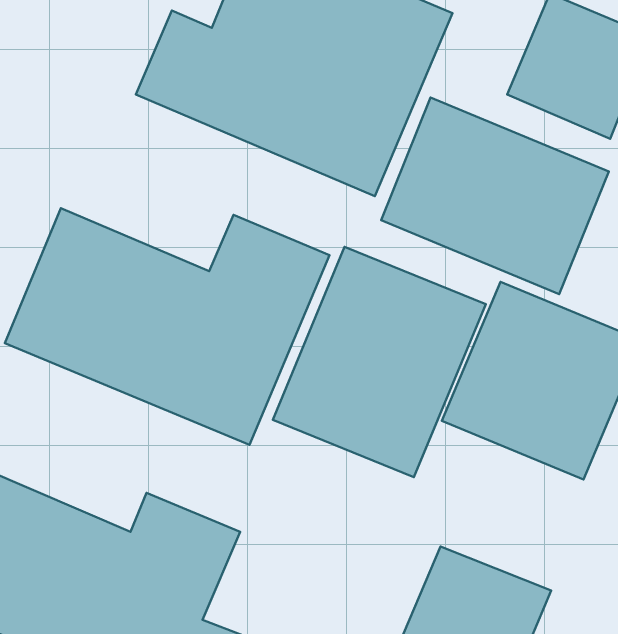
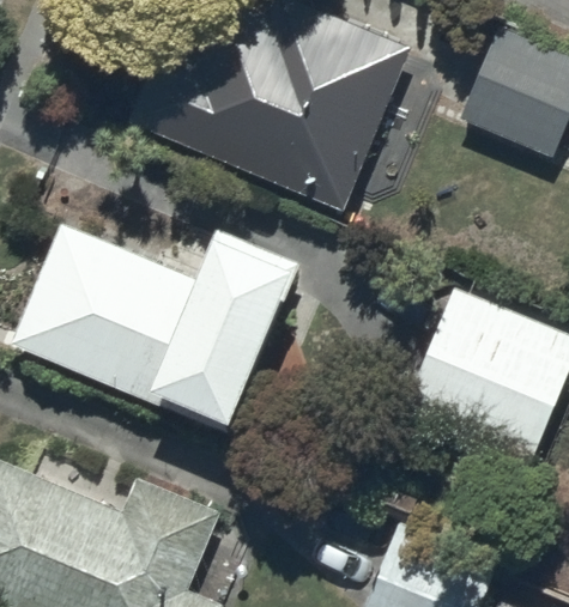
building: [381,97,609,294] -> none
building: [273,247,486,477] -> none

